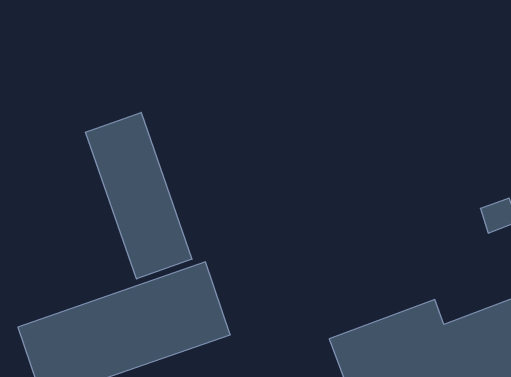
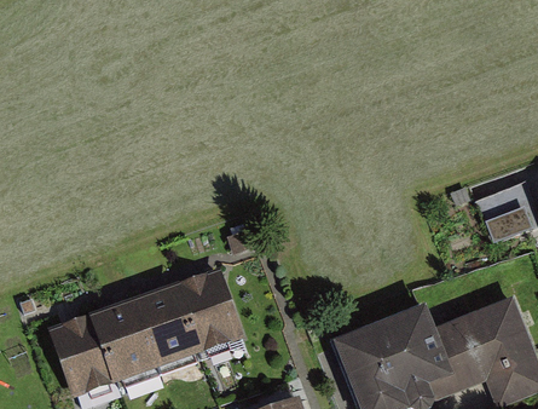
building: [86,112,192,279] -> none

